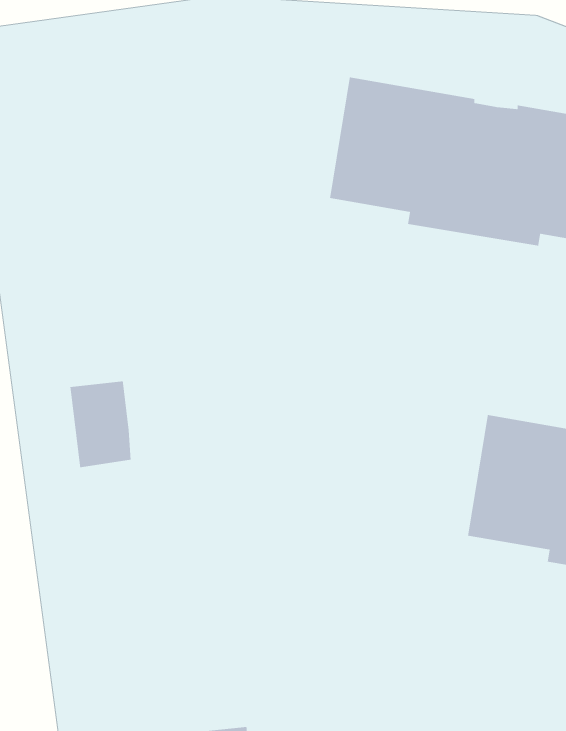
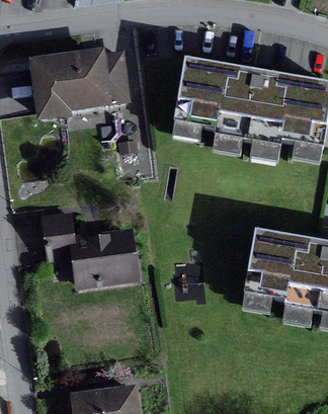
building: none -> [33,55,125,114]
building: none -> [72,232,134,284]

